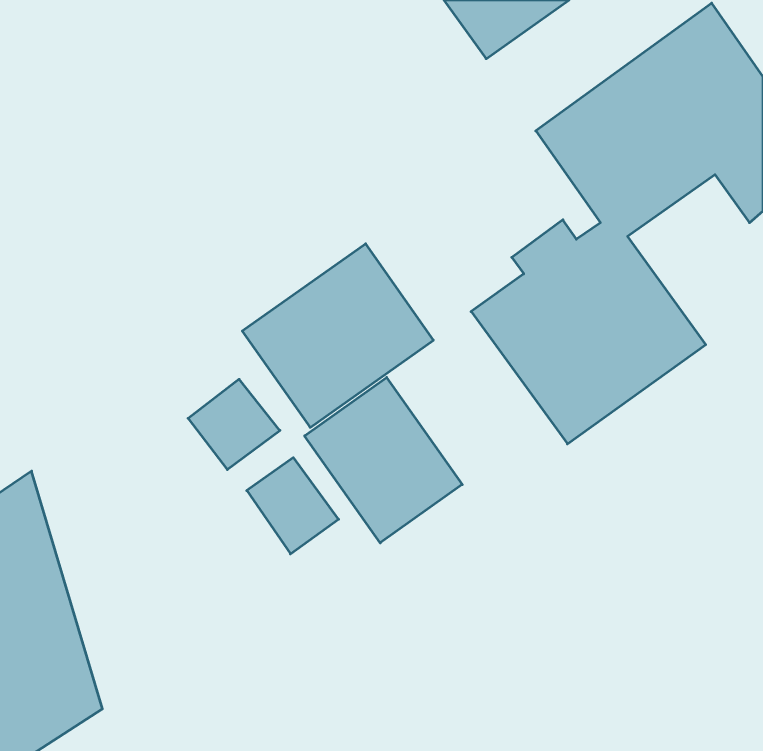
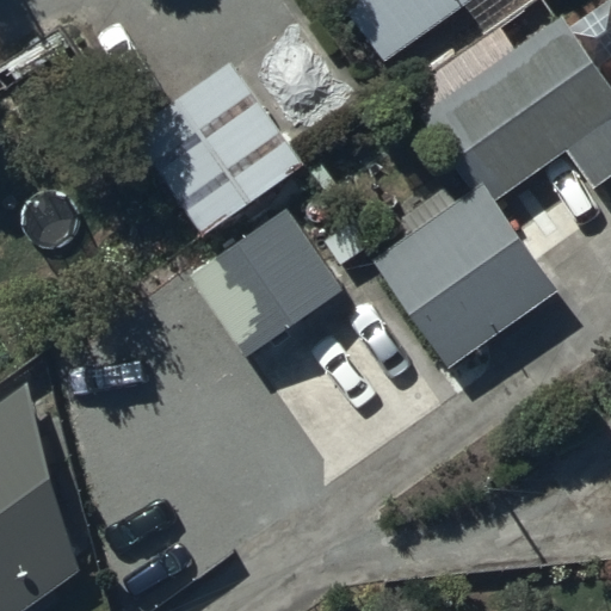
building: none -> [130,58,303,236]
building: [305,377,462,543] -> none

